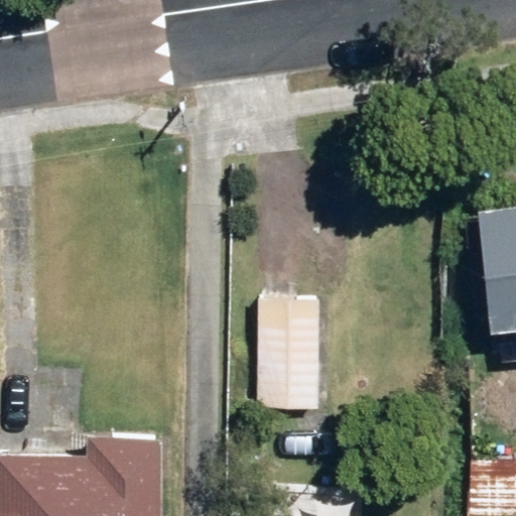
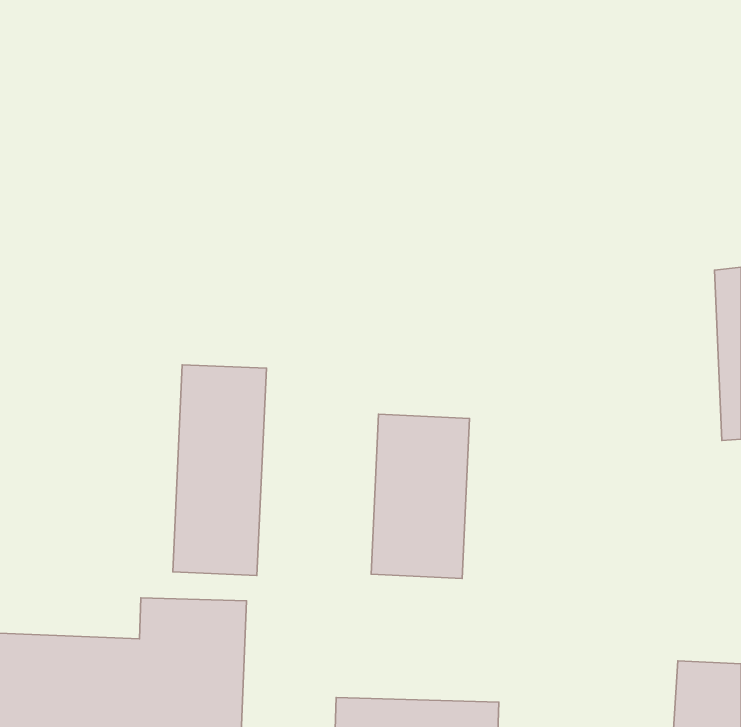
building: none -> [173,365,266,575]

